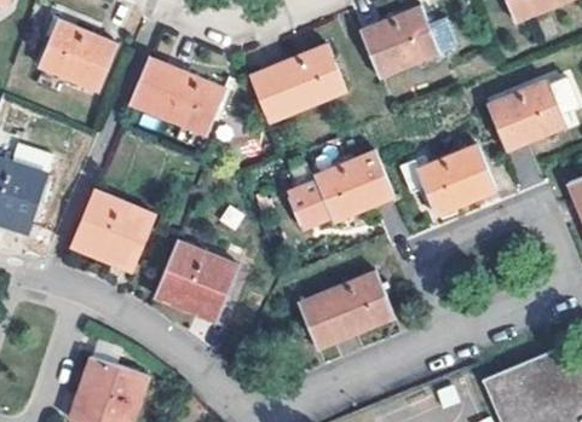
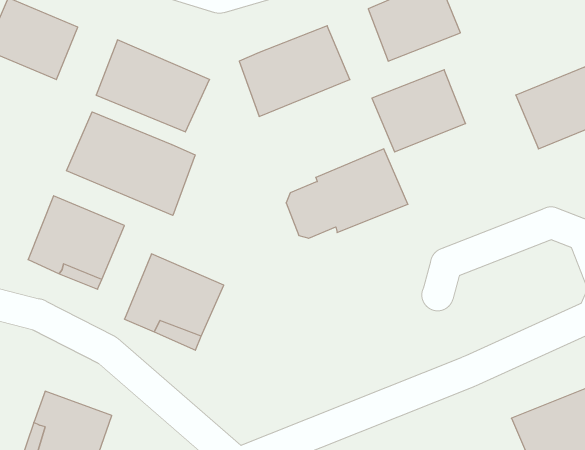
building: none -> [66,112,195,215]
building: [419,145,499,215] -> [372,70,466,152]
building: [301,270,397,348] -> none

